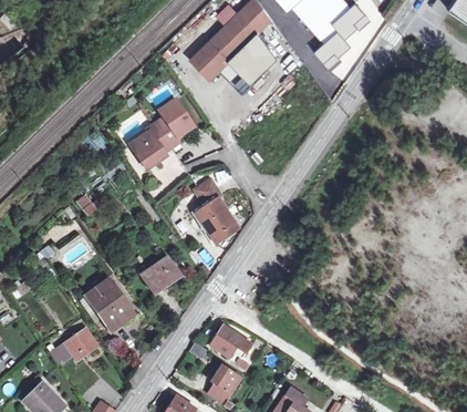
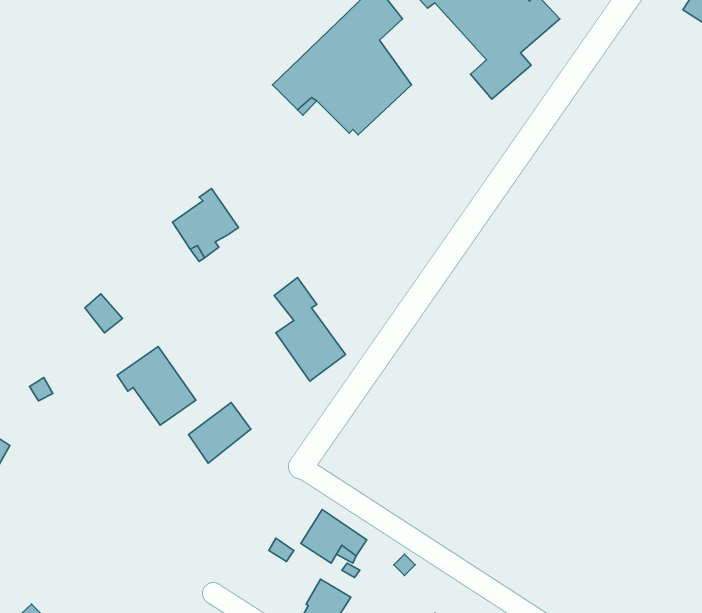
building: [154,100,190,148] -> none
building: [81,280,129,329] -> [117,347,196,425]
building: [61,326,97,359] -> none

